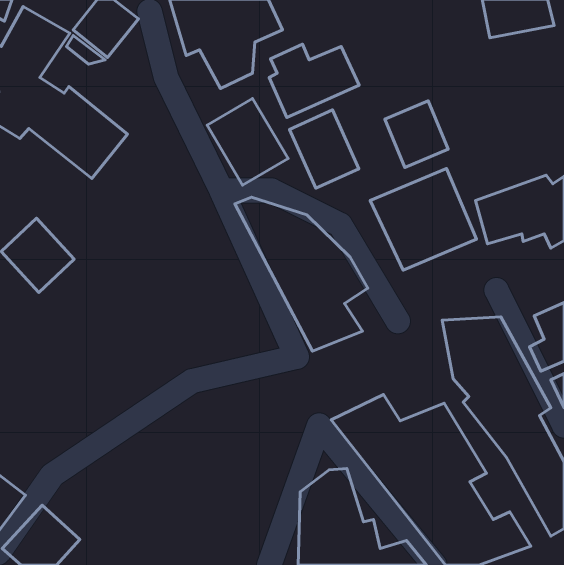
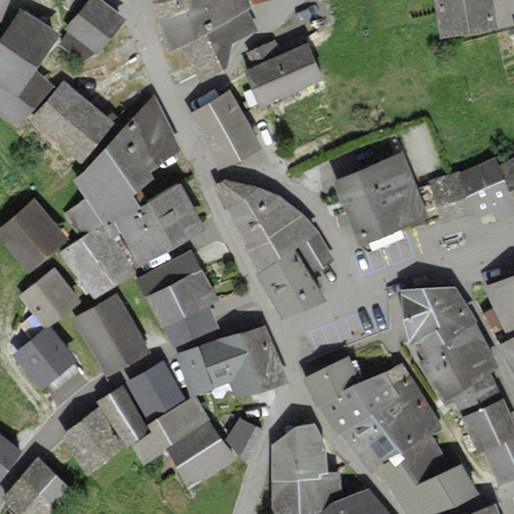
building: [385,101,448,167] -> none
building: none -> [58,95,219,344]
building: [290,110,359,188] -> none
building: none -> [12,266,80,386]
building: none -> [71,293,148,375]
building: none -> [61,326,283,490]

